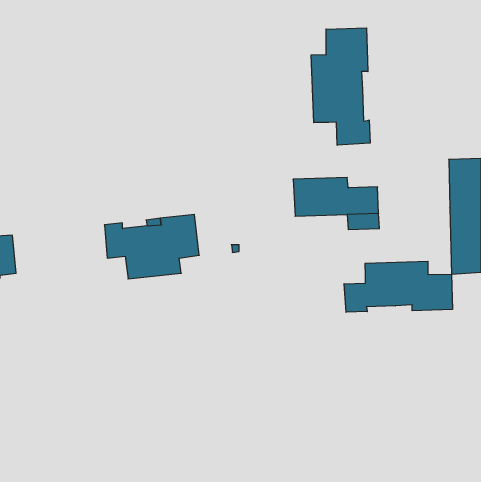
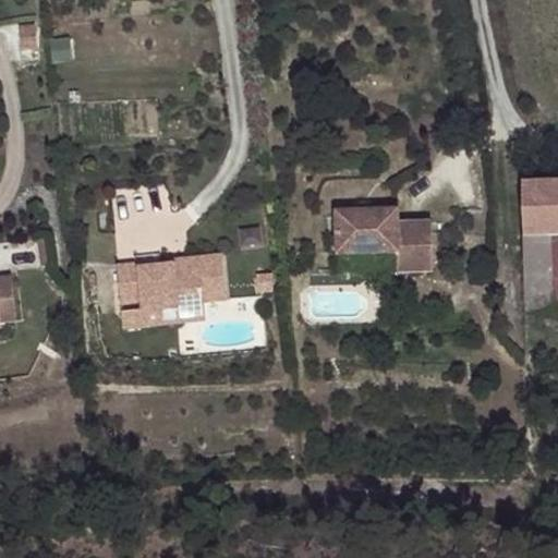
building: [311,28,370,145] -> none
building: [344,261,452,312] -> none

